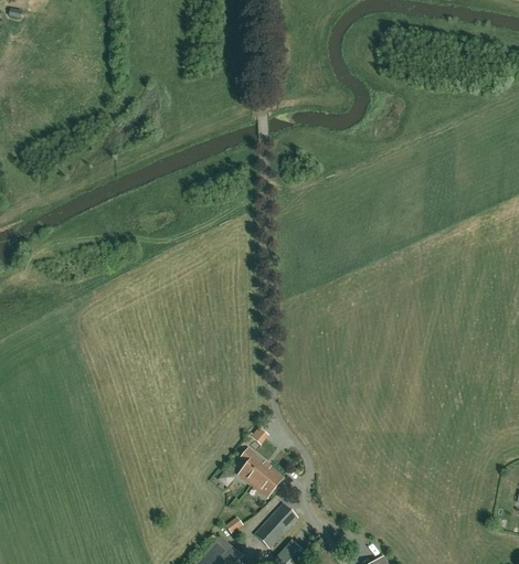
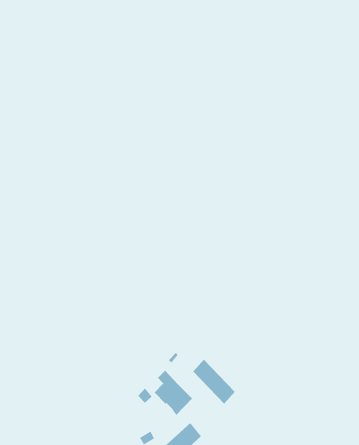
building: none -> [193,359,236,404]

